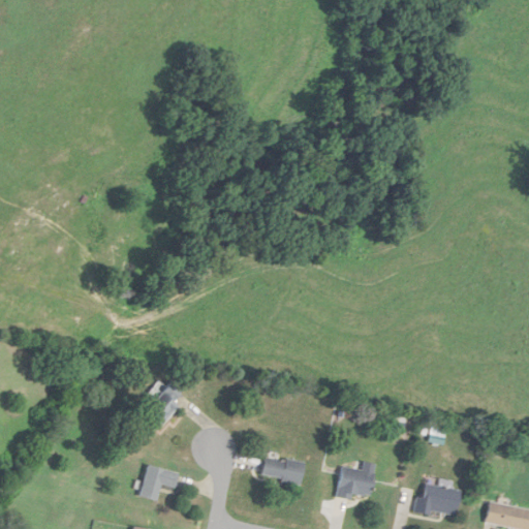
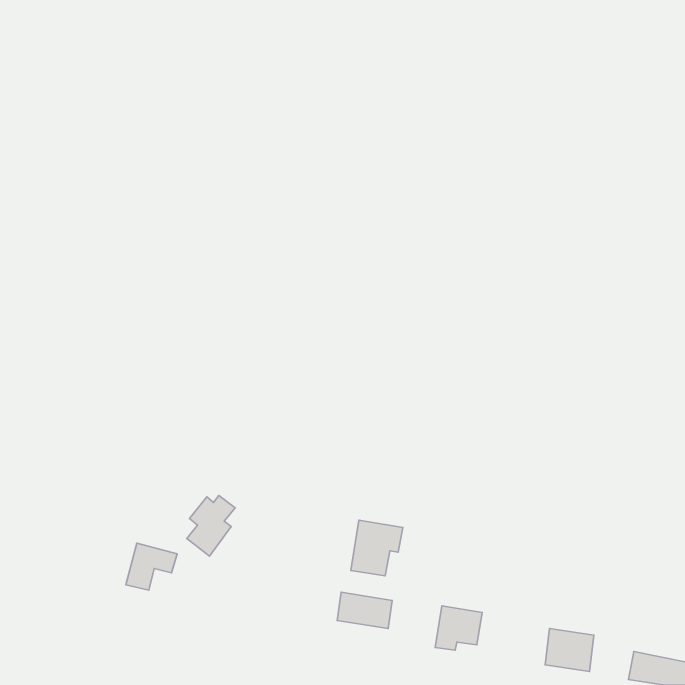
building: none -> [351,520,403,576]
building: [139,465,179,501] -> [126,543,177,590]

